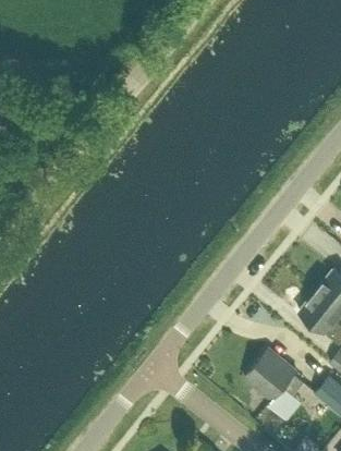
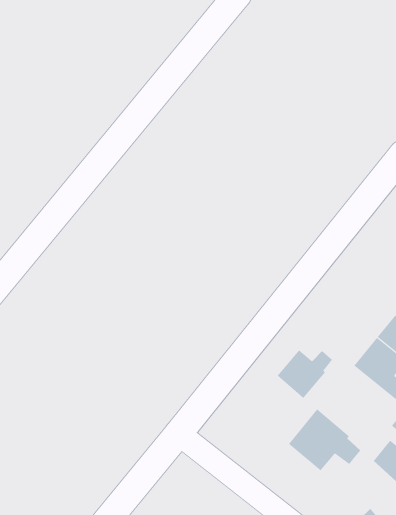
building: none -> [277,350,333,399]

